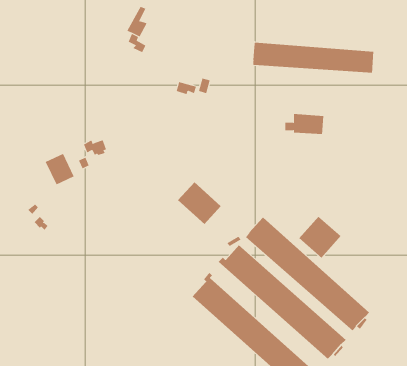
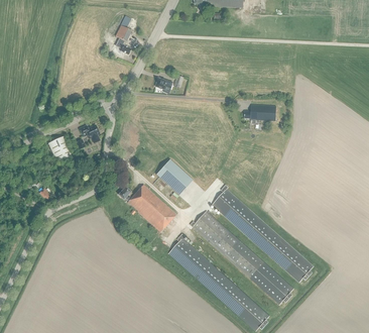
building: [253,42,374,74] -> none
building: none -> [117,183,175,231]
building: [298,216,342,258] -> none

